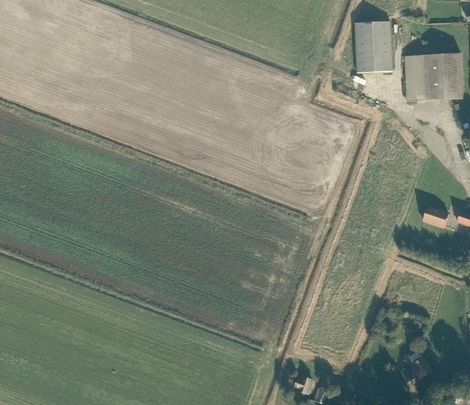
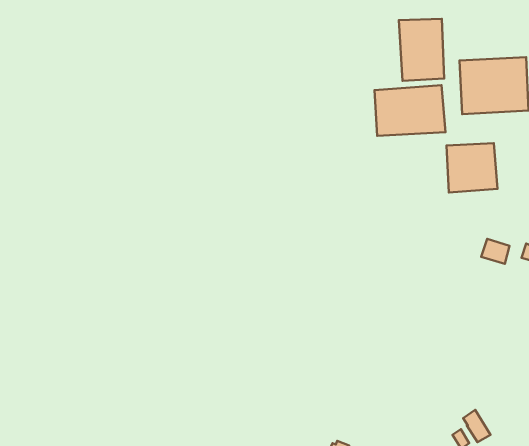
building: none -> [374,85,446,136]
building: none -> [447,143,497,192]

